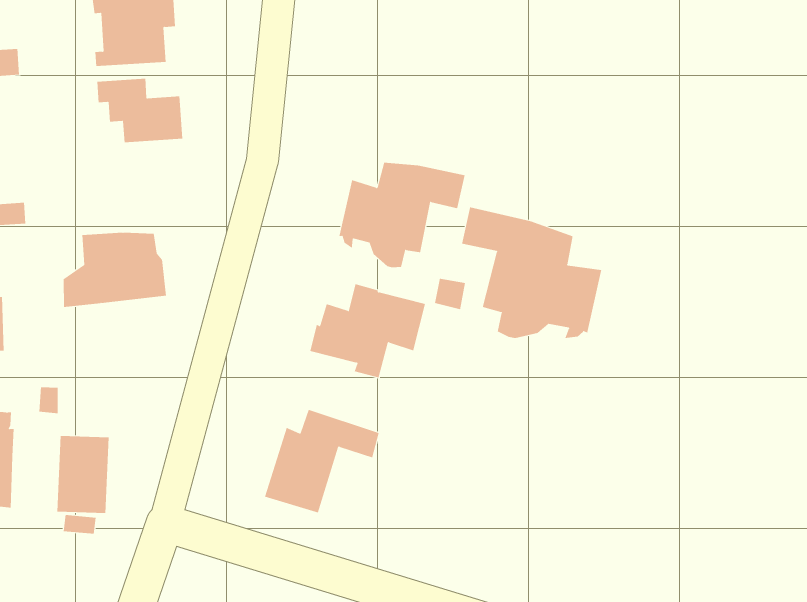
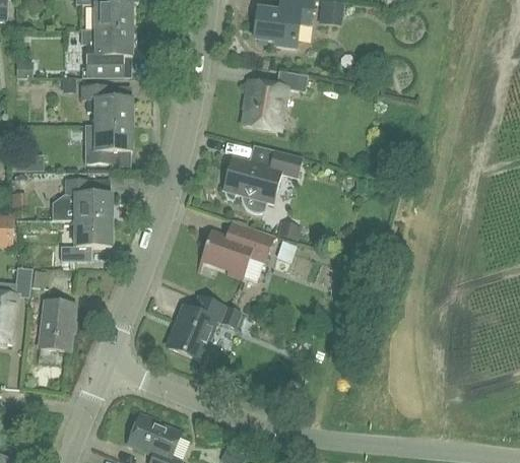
building: none -> [243,69,307,129]
building: none -> [85,124,131,162]
building: [461,206,602,339] -> none
building: none -> [61,219,115,263]

